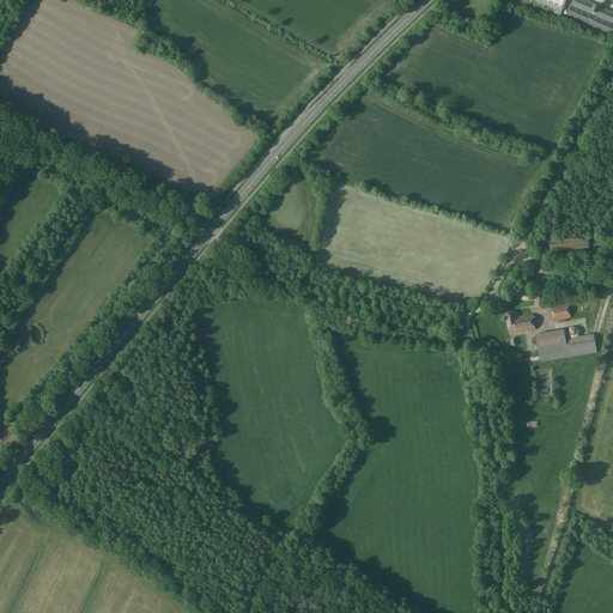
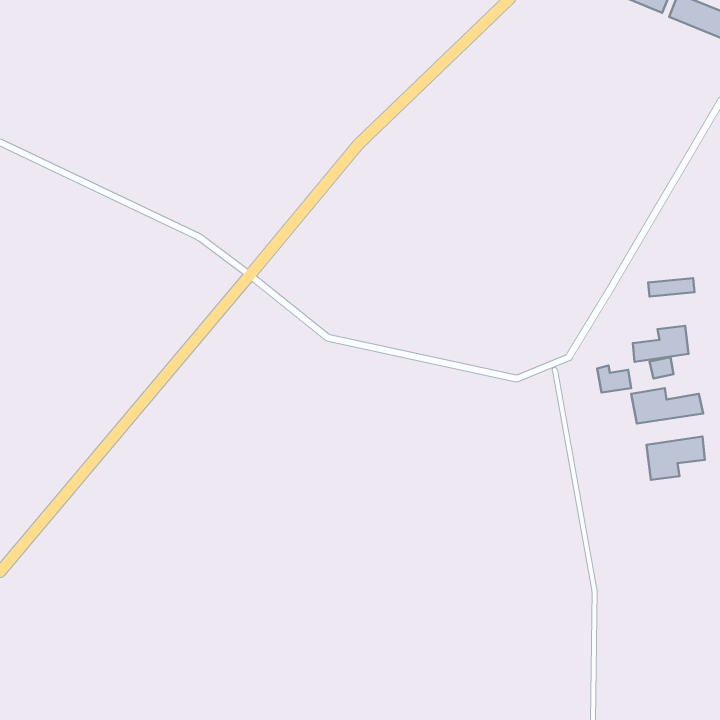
building: none -> [633,326,688,362]
building: none -> [647,436,705,480]

